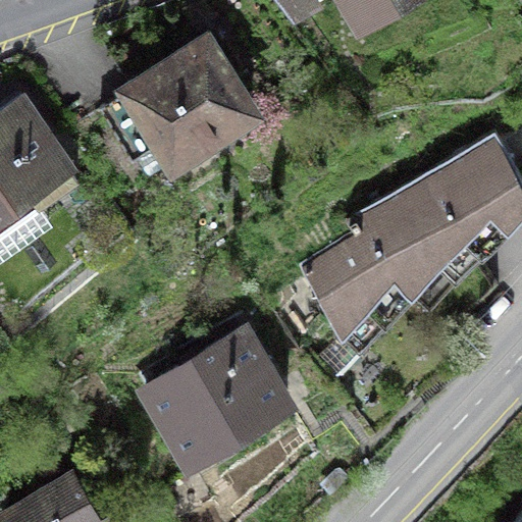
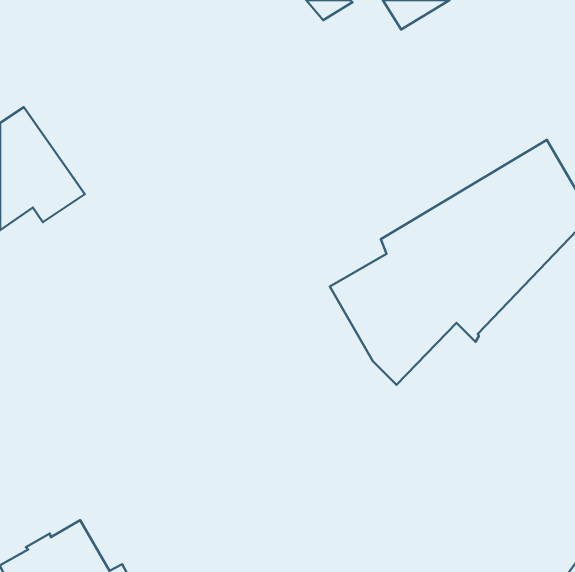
building: [101,40,252,161] -> none
building: [147,327,288,460] -> none

